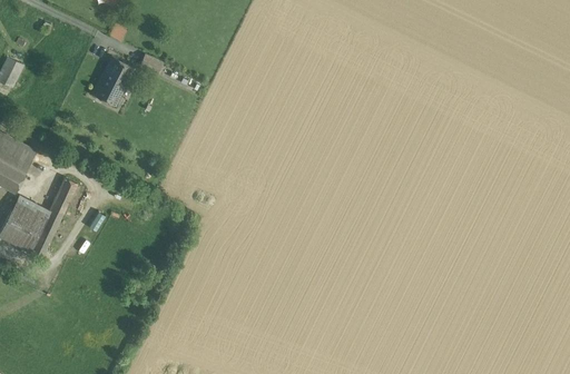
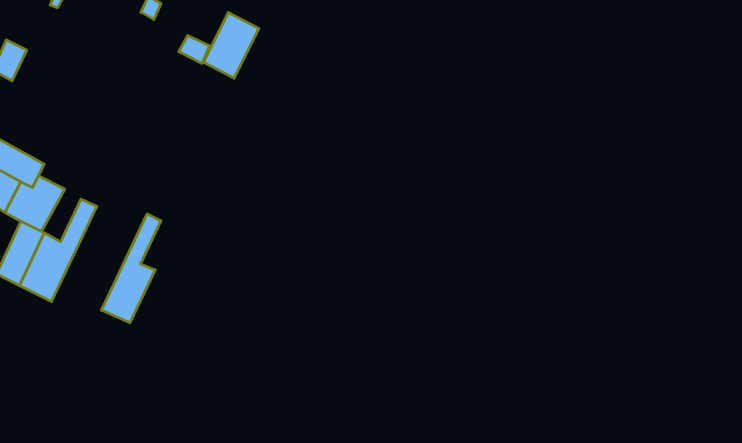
building: [91,56,134,106] -> [203,12,259,78]
building: none -> [101,214,161,323]

